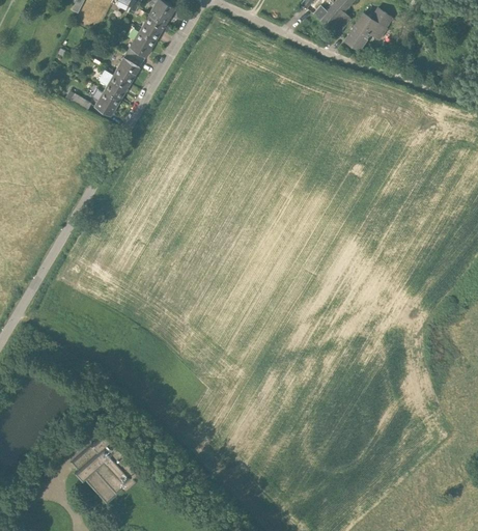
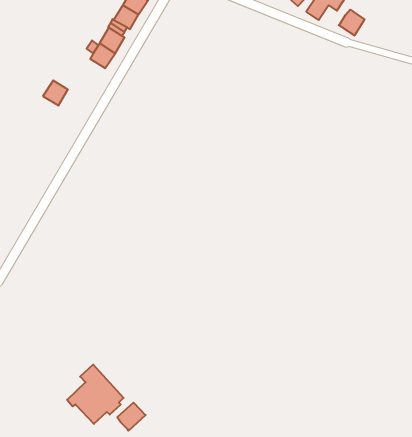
building: none -> [339,10,365,36]
building: [91,92,119,120] -> [43,80,68,105]
building: none -> [117,403,146,431]

